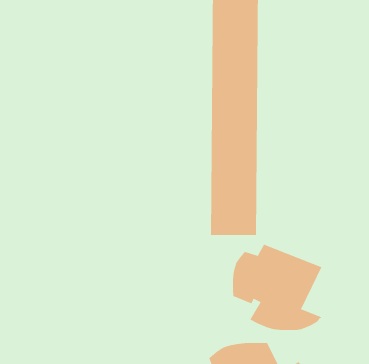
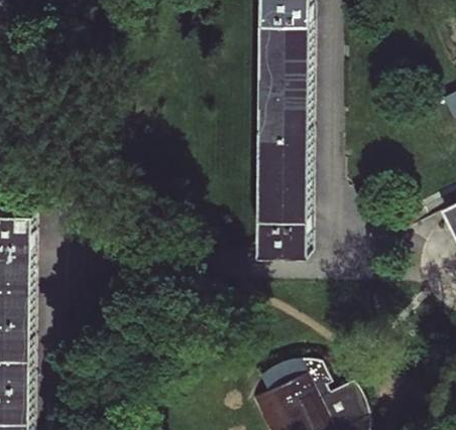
building: [232,244,323,331] -> none

